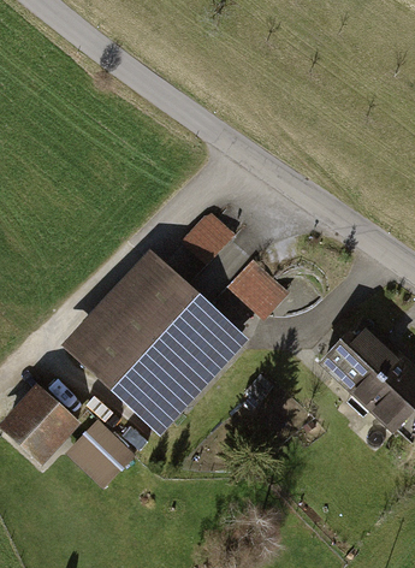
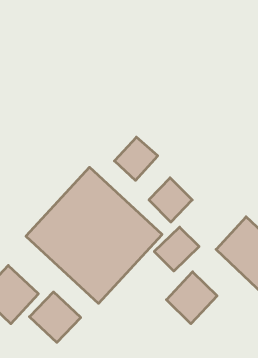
building: none -> [154,227,199,271]
building: none -> [166,272,217,324]

